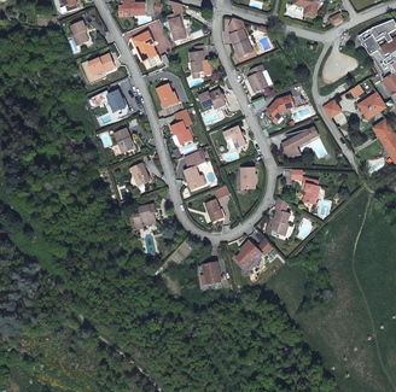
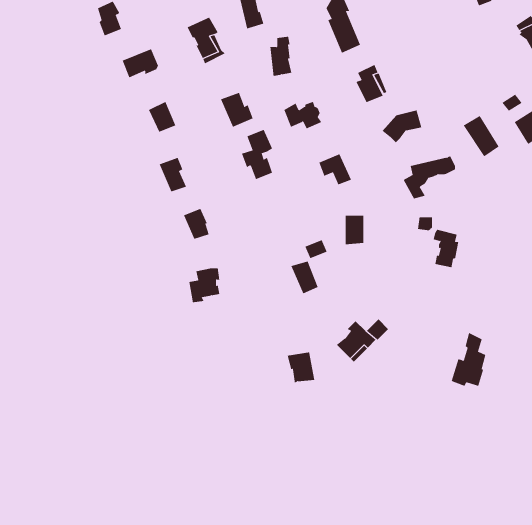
building: [184,150,206,189] -> none
building: [266,198,290,235] -> [451,332,486,387]

